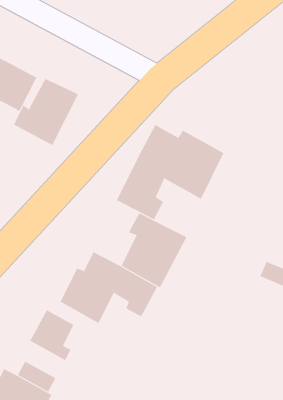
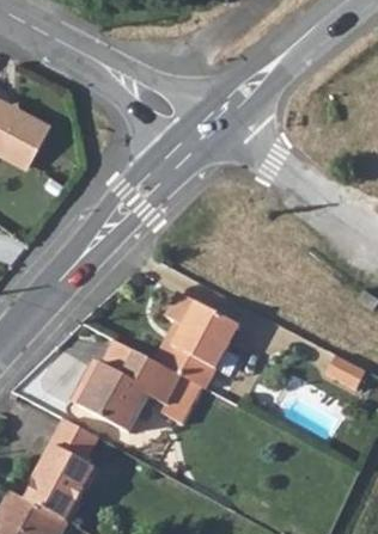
building: [13,78,79,146] -> none
building: [116,124,224,220] -> none
building: none -> [35,456,86,503]

